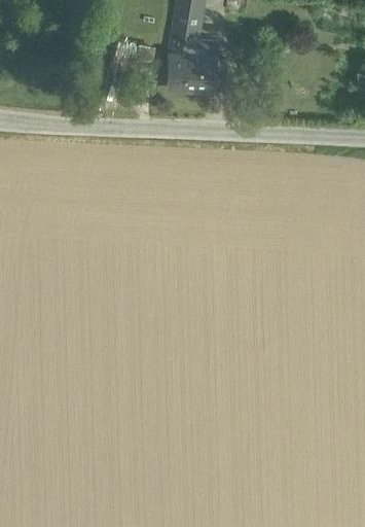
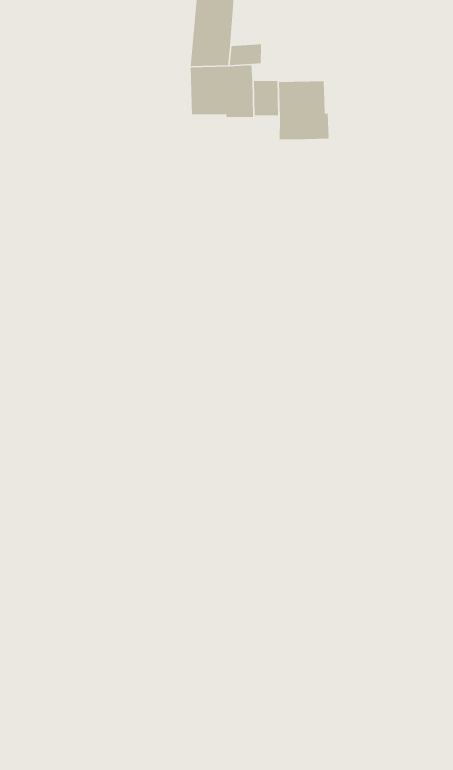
building: none -> [278,81,330,140]

